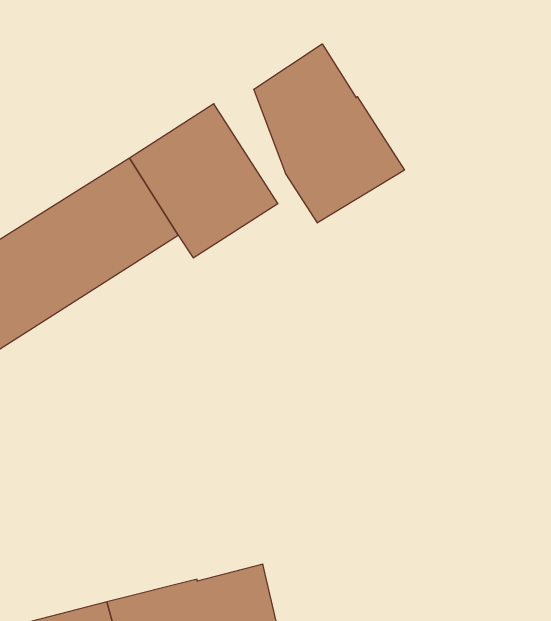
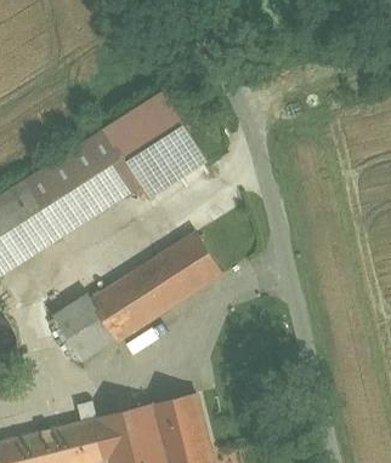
building: [254,44,404,223] -> none
building: none -> [53,233,221,360]

